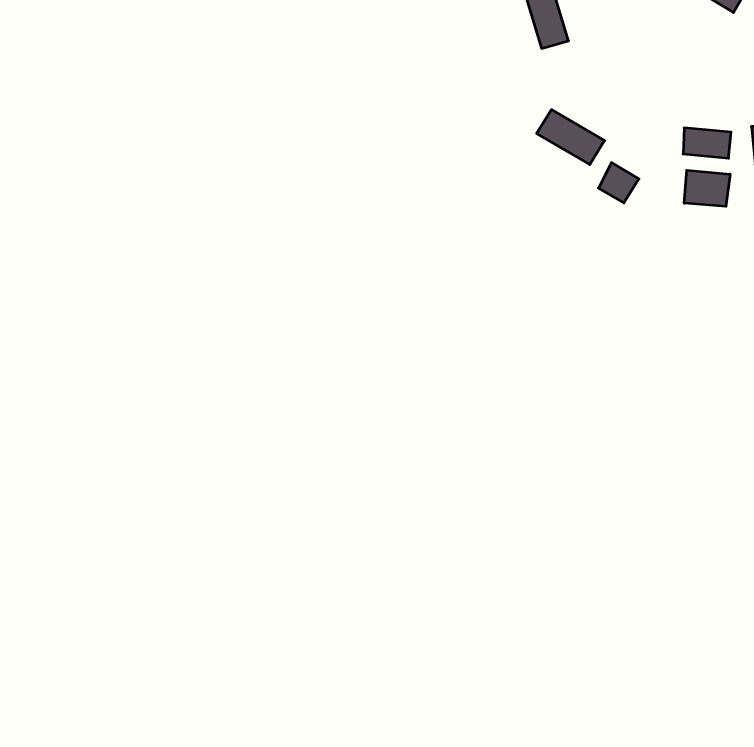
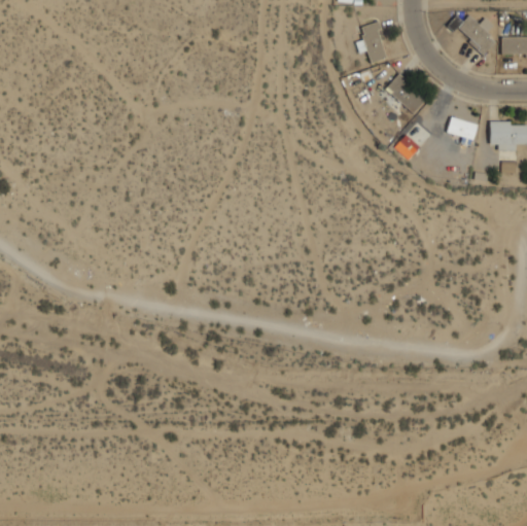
building: [537,110,605,165] -> [386,77,426,112]
building: [684,170,730,206] -> none

